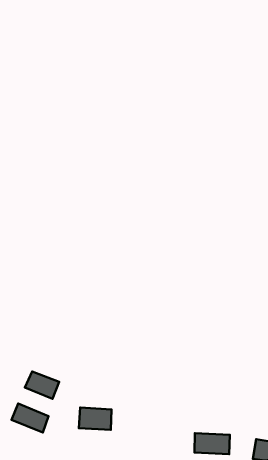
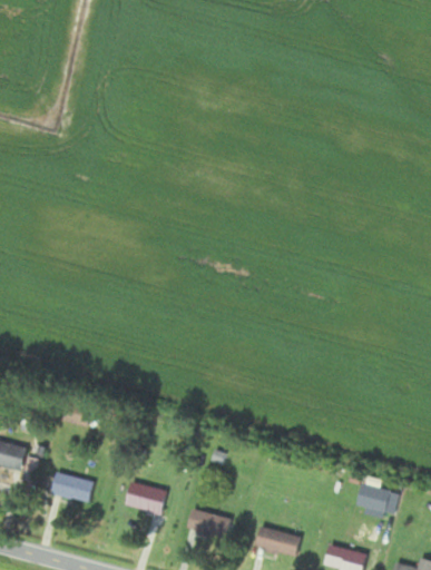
building: [25,371,59,399] -> none
building: none -> [186,509,231,542]

